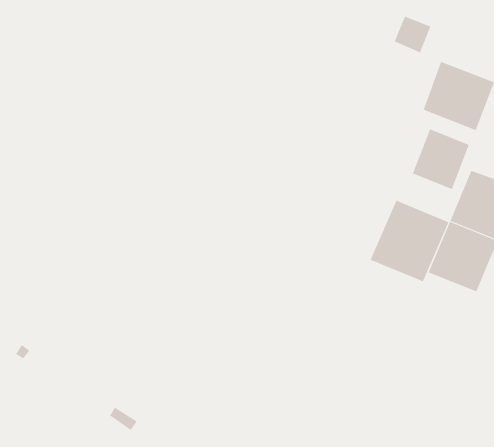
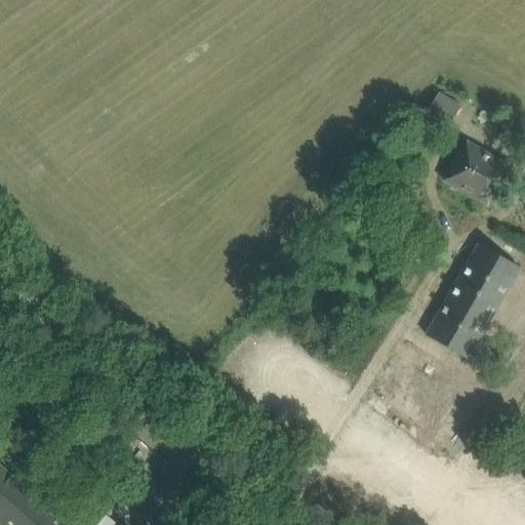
building: [412,128,470,190] -> none
building: [370,200,449,282] -> none

